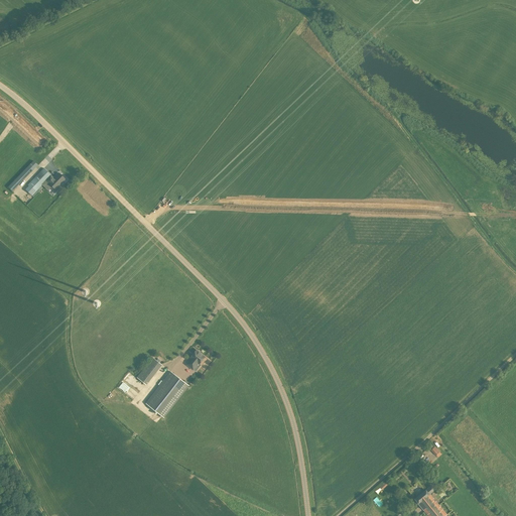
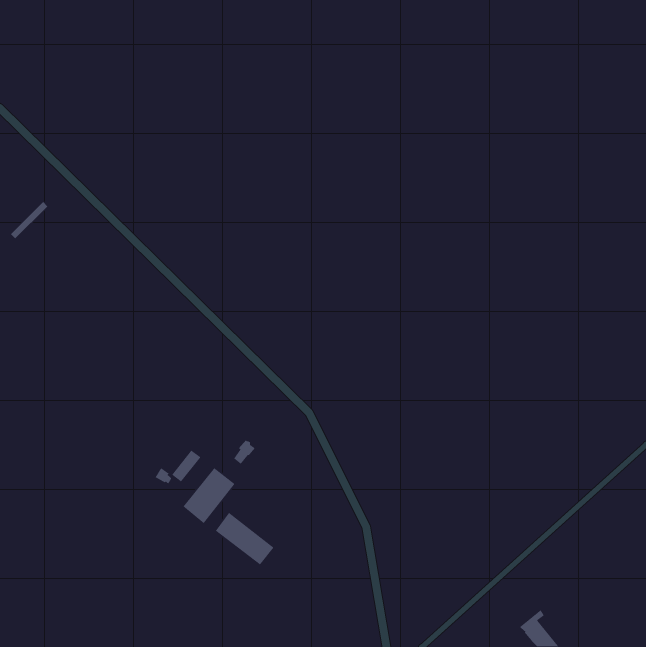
building: [27,168,64,192] -> none
building: none -> [215,512,275,565]

